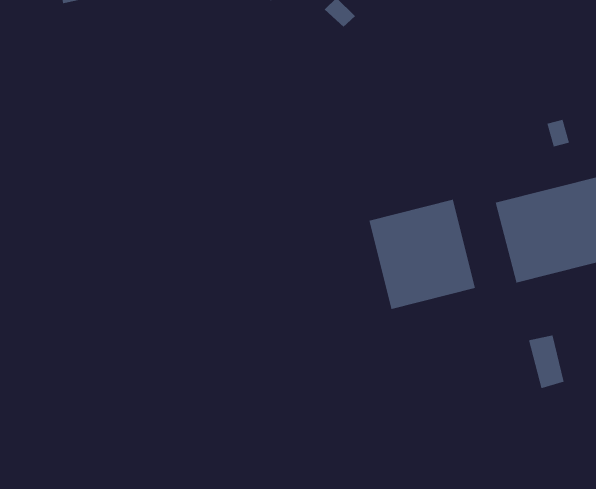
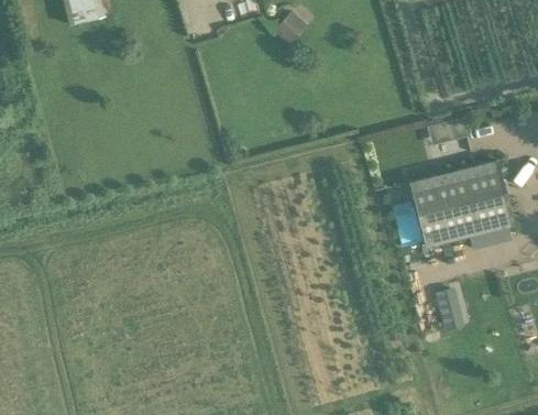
building: [369,199,475,310] -> none

